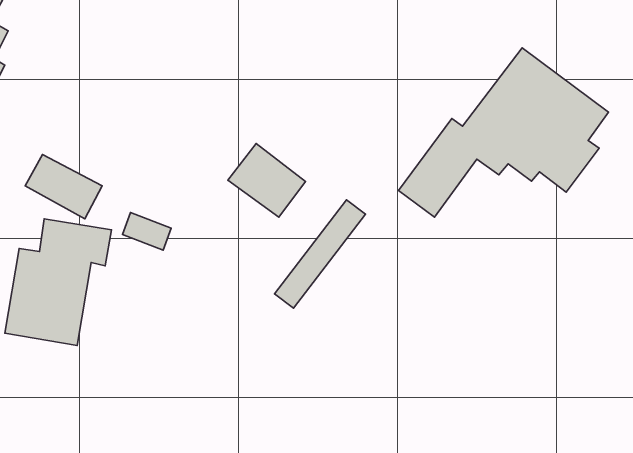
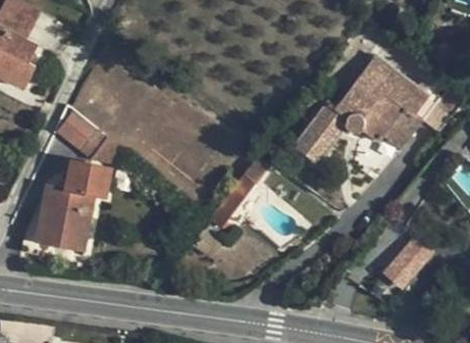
building: [228,144,306,217] -> none
building: none -> [376,234,429,289]

